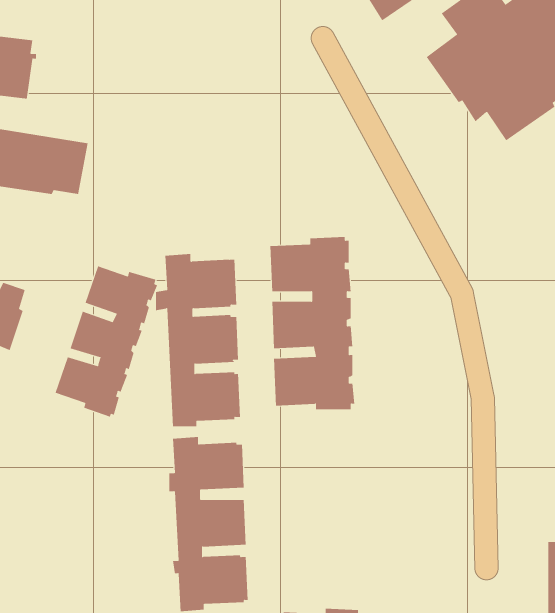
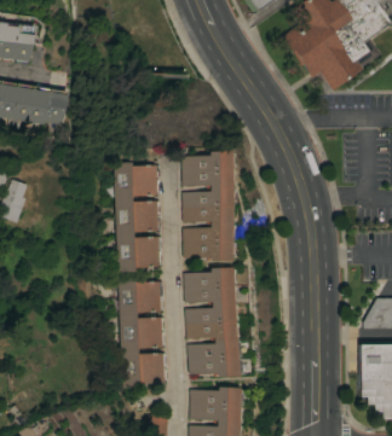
building: [55,265,158,418] -> none
building: none -> [185,267,241,377]

